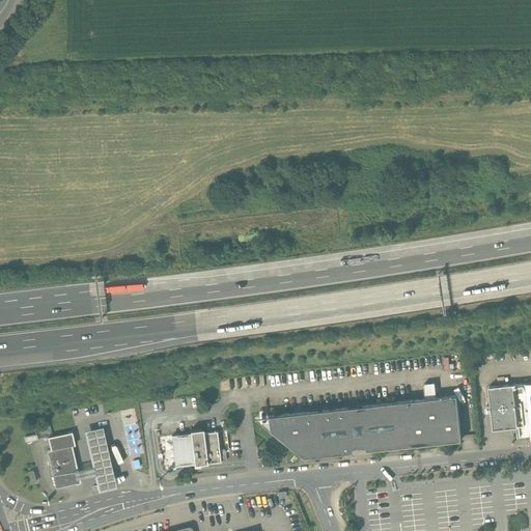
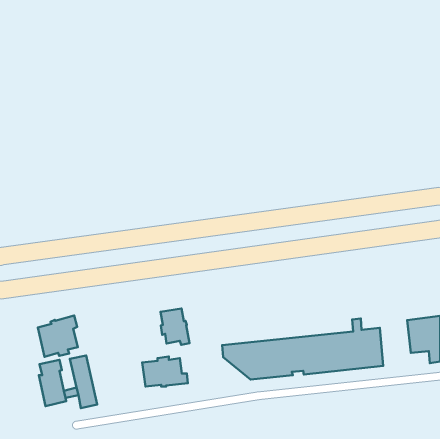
building: none -> [160,308,189,345]
building: none -> [38,316,78,357]

